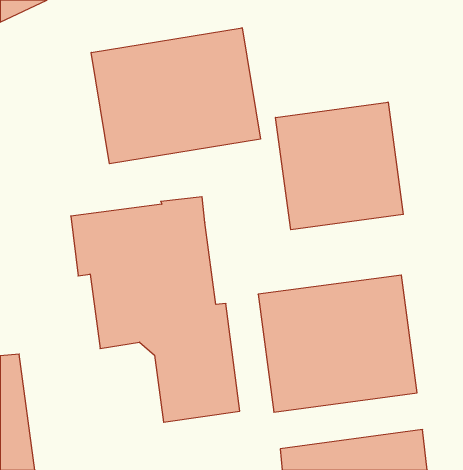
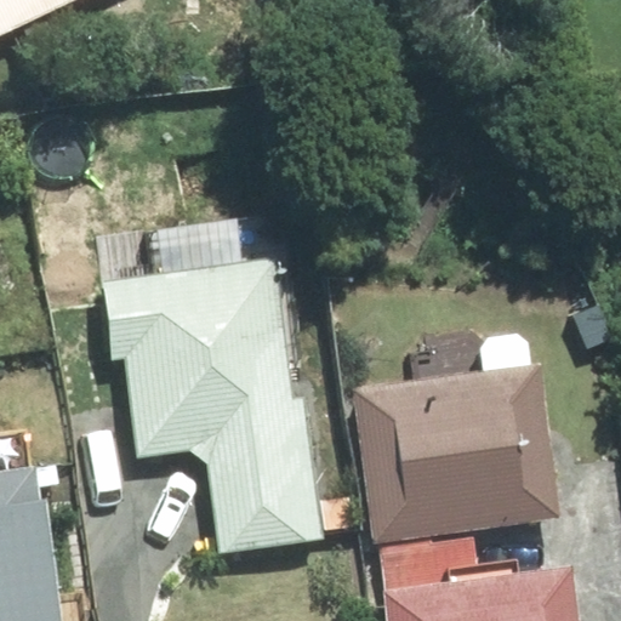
building: [91,28,260,164] -> none
building: [276,102,403,230] -> none

